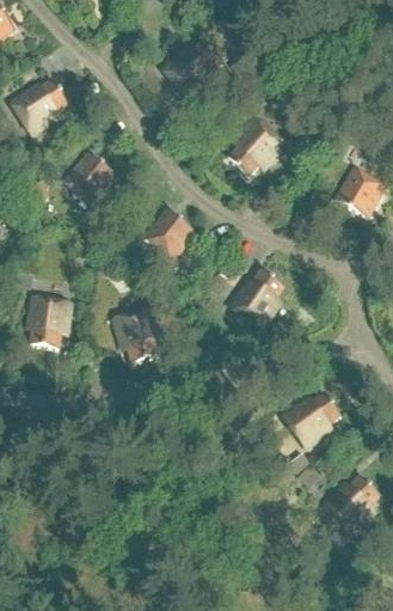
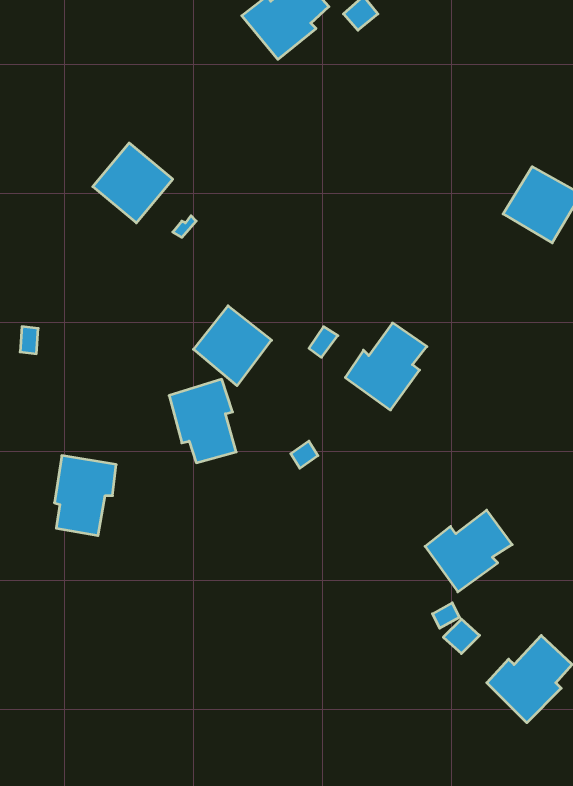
building: [11,79,68,132] -> none
building: [227,118,284,175] -> none
building: [143,207,195,259] -> [193,306,272,386]
building: [29,295,69,348] -> [54,456,116,536]

